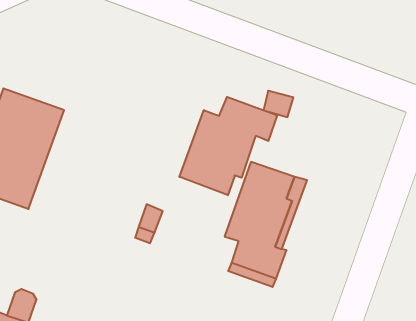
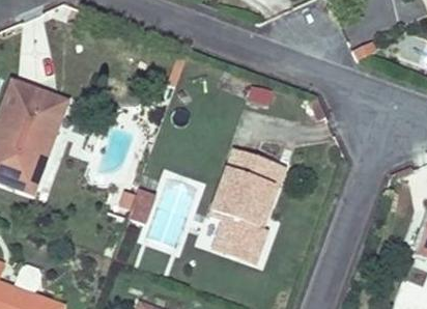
building: [179,97,277,195] -> none

